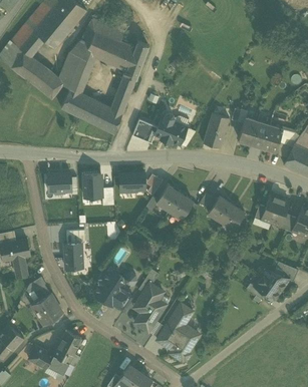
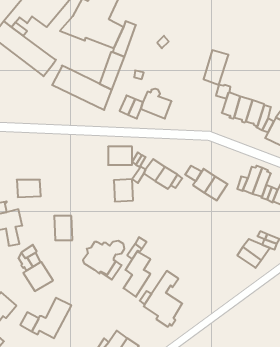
building: [59,52,95,93] -> none
building: [204,112,230,148] -> [203,50,229,85]
building: [46,173,71,191] -> [17,180,41,197]
building: [82,174,102,198] -> [114,179,133,201]

